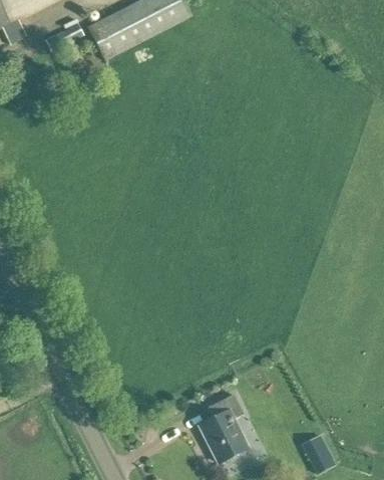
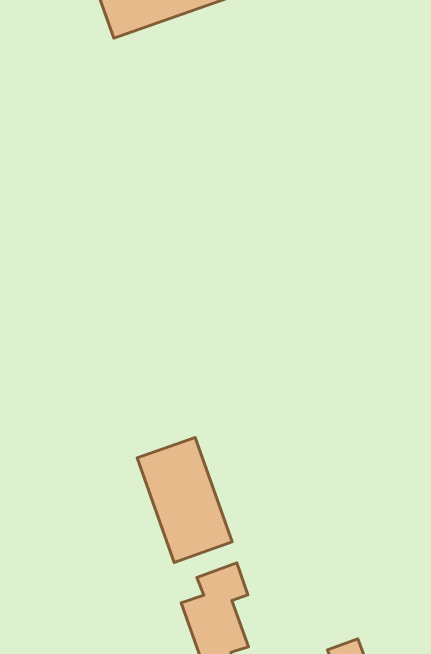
building: none -> [137,437,232,562]

